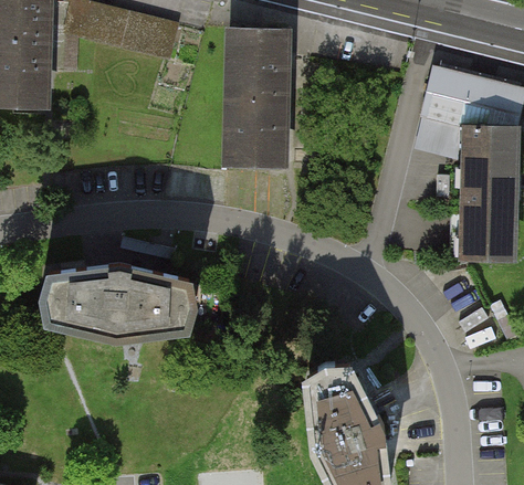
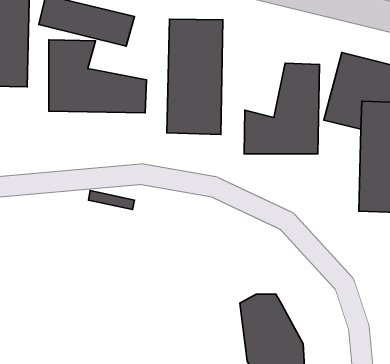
building: none -> [49,40,146,113]
building: none -> [244,63,319,154]
building: [45,262,200,336] -> none

